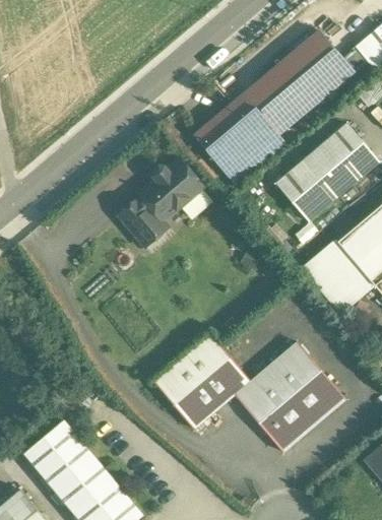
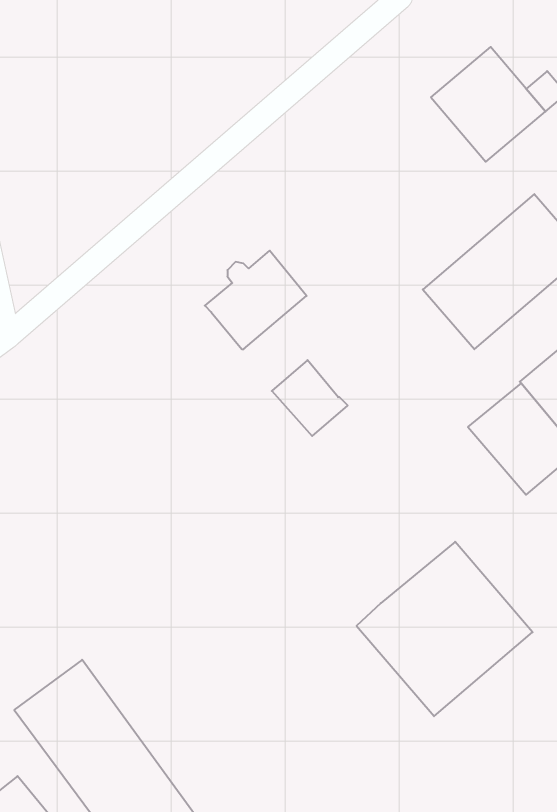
building: [194,63,316,177] -> none
building: [121,198,169,246] -> [272,360,348,436]
building: [154,334,250,430] -> none

